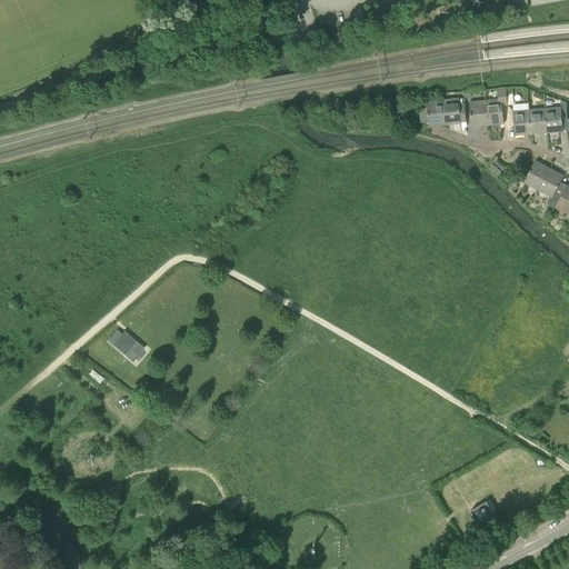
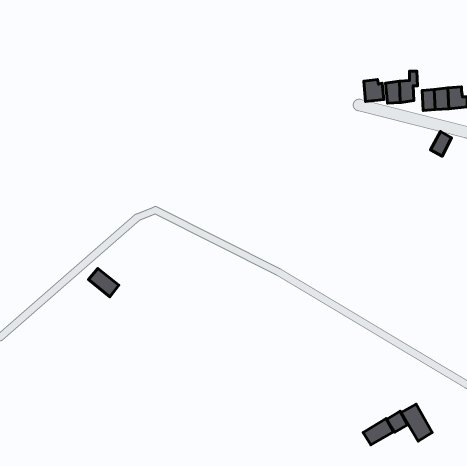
building: [421,99,445,126] -> none
building: [538,168,563,204] -> none
building: none -> [401,404,432,441]
building: none -> [363,419,394,445]

